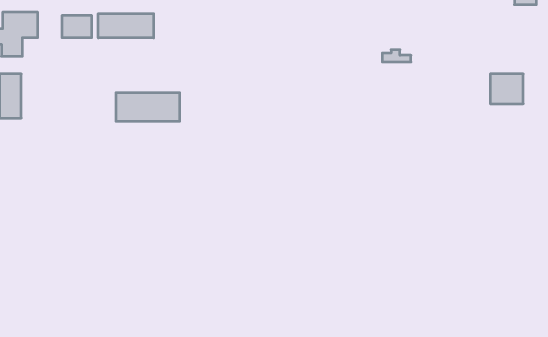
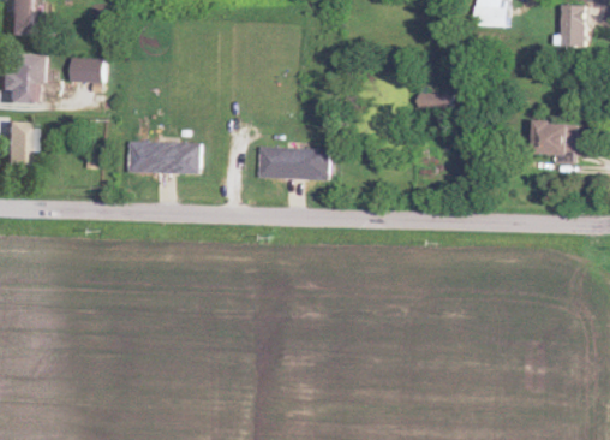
building: [98,14,154,38] -> none
building: none -> [261,148,330,178]

